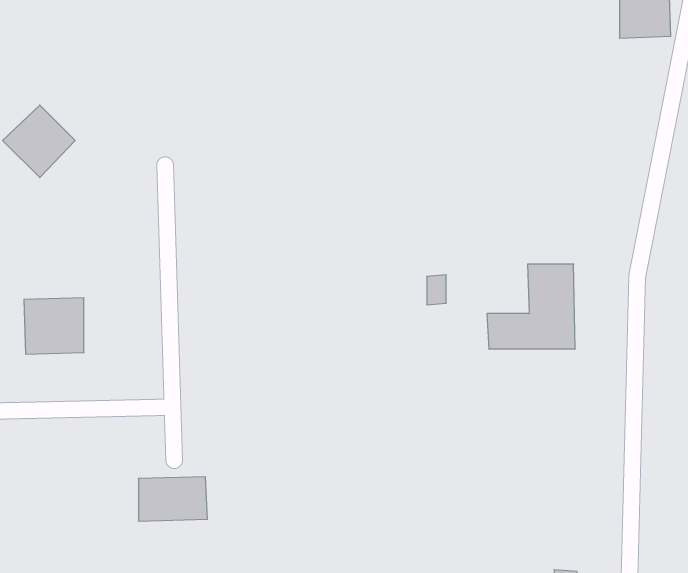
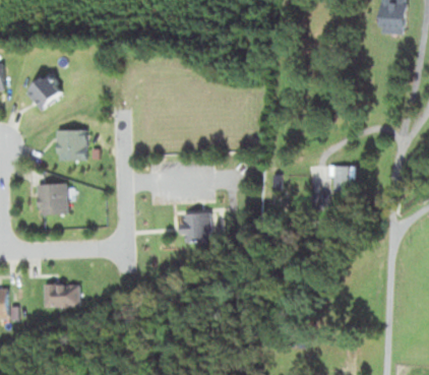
building: none -> [55,131,88,160]
building: none -> [178,212,213,242]
building: [138,477,207,521] -> [41,282,80,307]

